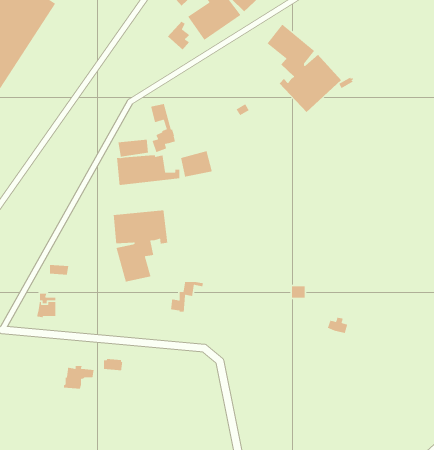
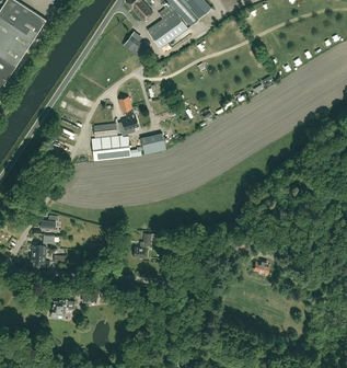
building: [267,24,342,113] -> none
building: [113,209,168,283] -> none

